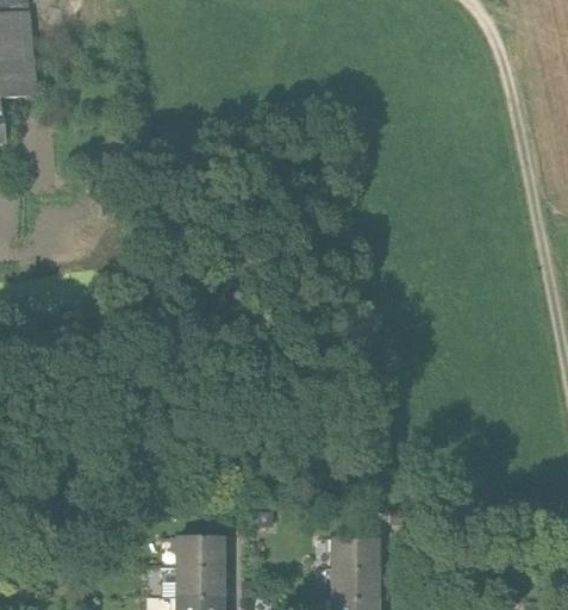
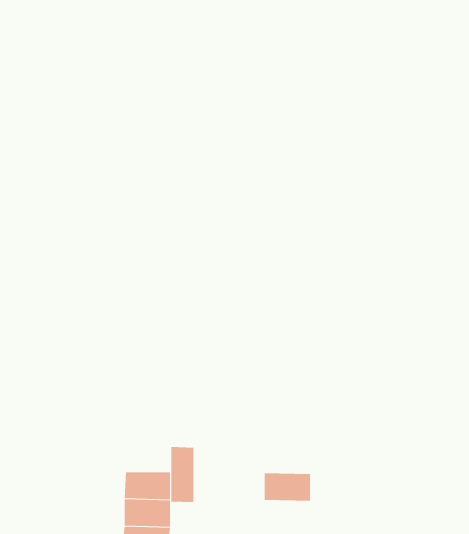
building: none -> [171,446,194,503]
building: [327,569,379,600] -> none

